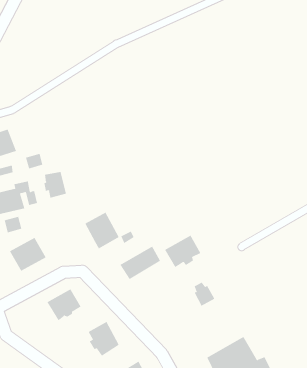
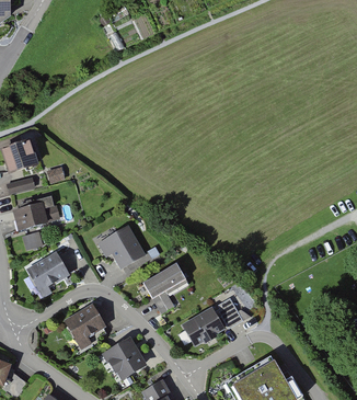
building: [44,171,67,198] -> none
building: [164,235,201,268] -> [185,309,223,343]

